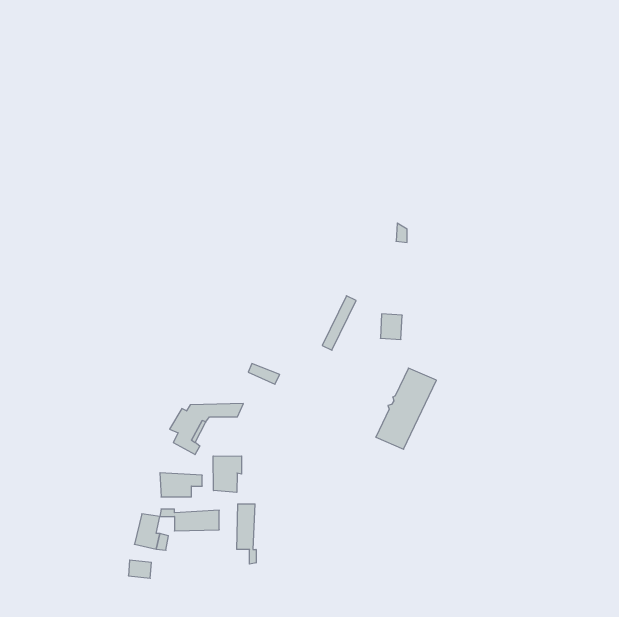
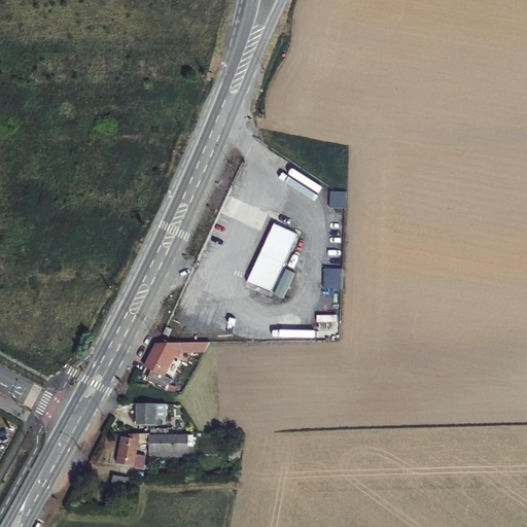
building: [376,368,436,449] -> [247,222,298,291]
building: [213,456,242,492] -> none
building: [237,504,256,564] -> none

